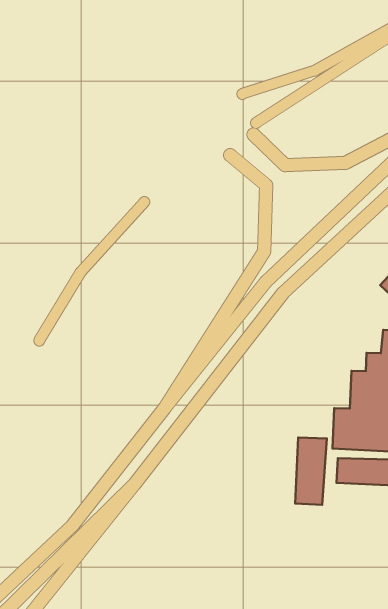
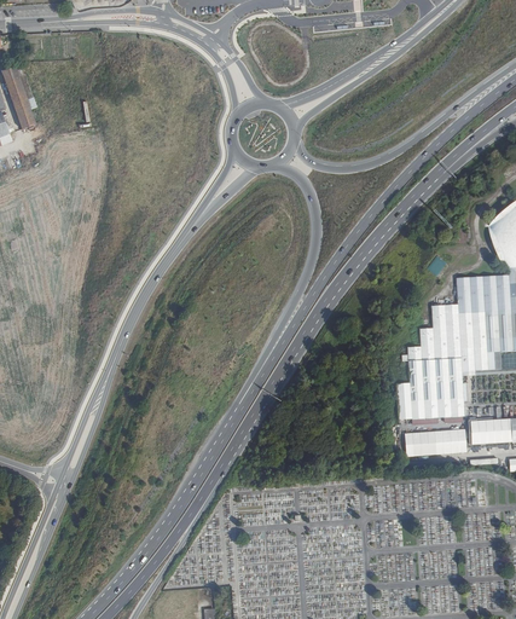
building: [295,437,327,505] -> none

